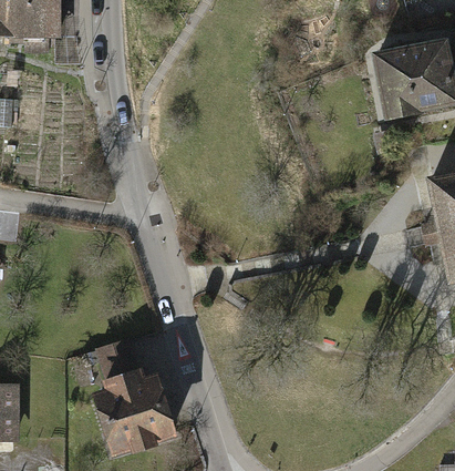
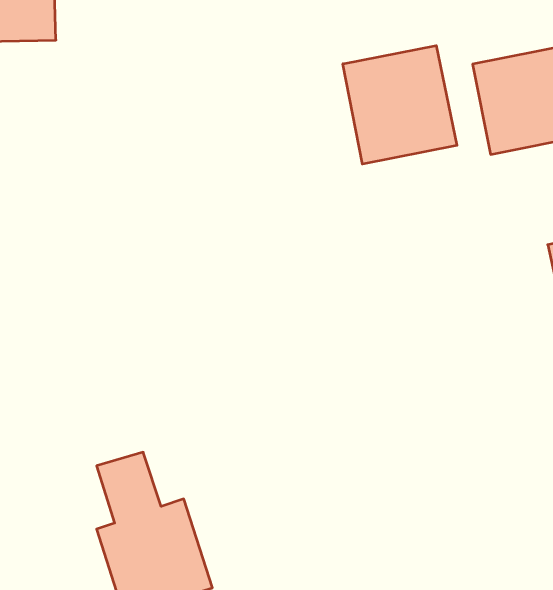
building: none -> [343,46,457,164]

